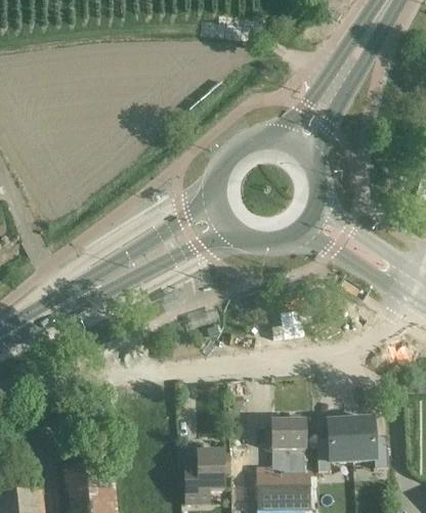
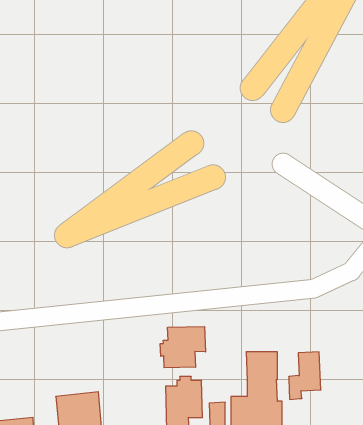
building: none -> [160,327,205,368]
building: [350,420,388,468] -> none

